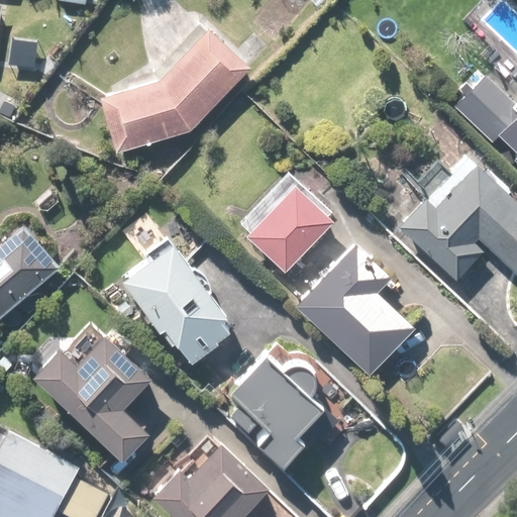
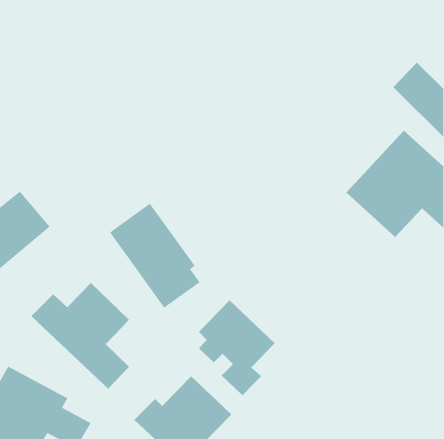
building: [100,30,249,153] -> none
building: [247,188,331,273] -> none
building: [297,244,415,376] -> none

